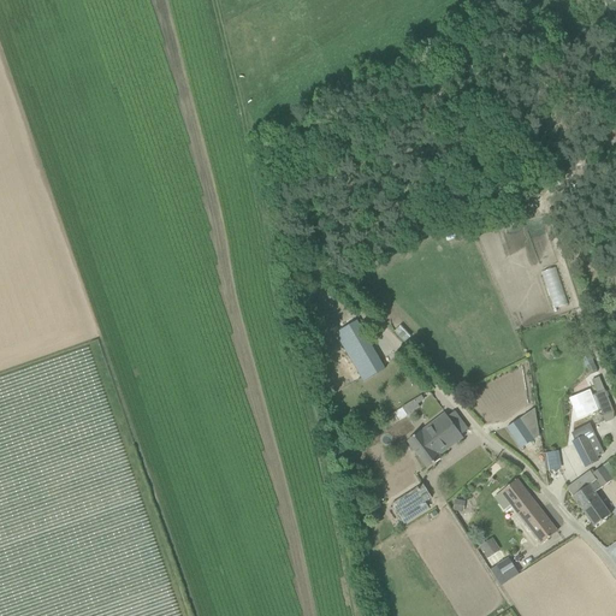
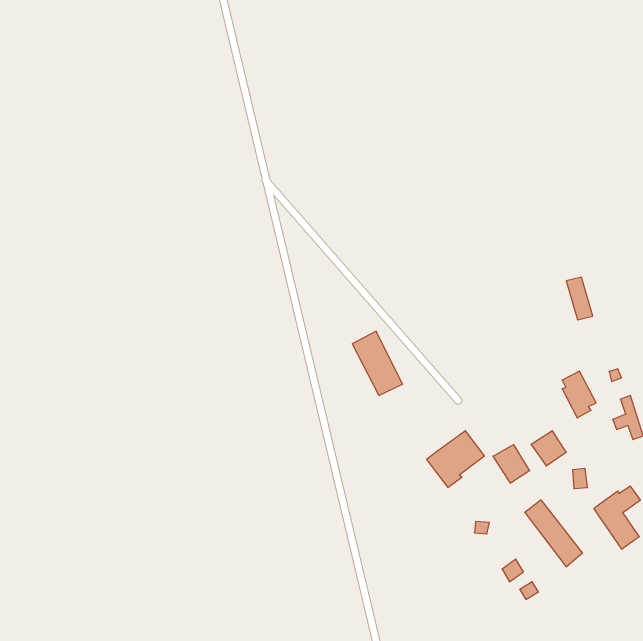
building: [573,421,605,466] -> [562,371,596,418]
building: none -> [493,445,530,483]
building: [392,481,432,522] -> none

